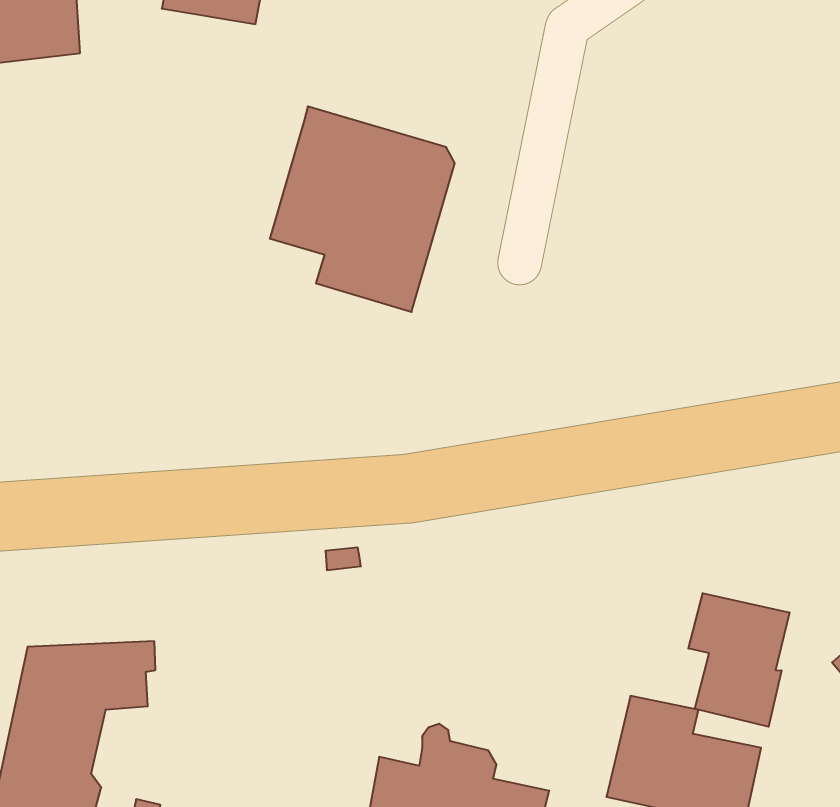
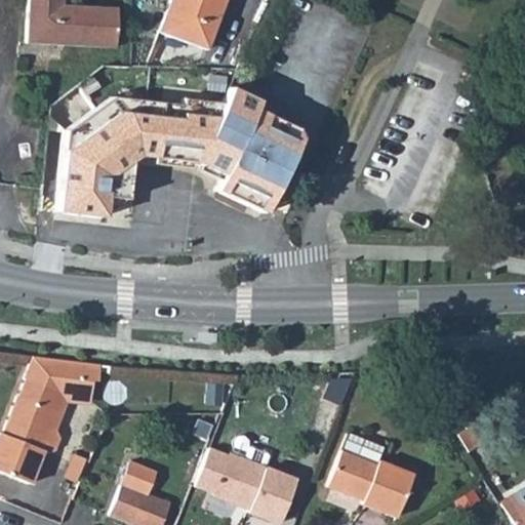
building: none -> [62,95,228,216]
building: [688,593,790,727] -> none

